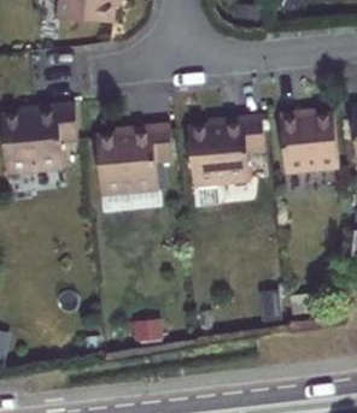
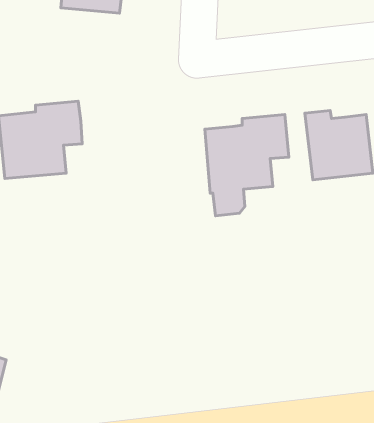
building: [94,122,171,193] -> none

